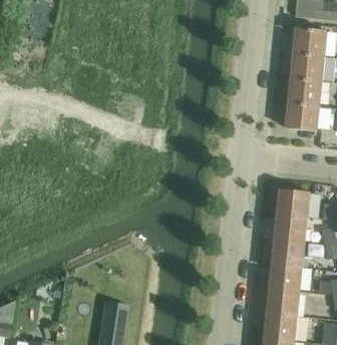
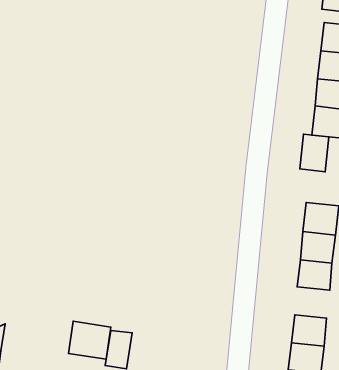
building: none -> [300,134,329,172]
building: [271,264,302,292] -> none
building: none -> [68,321,111,359]

